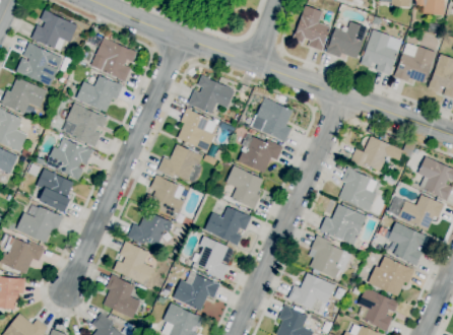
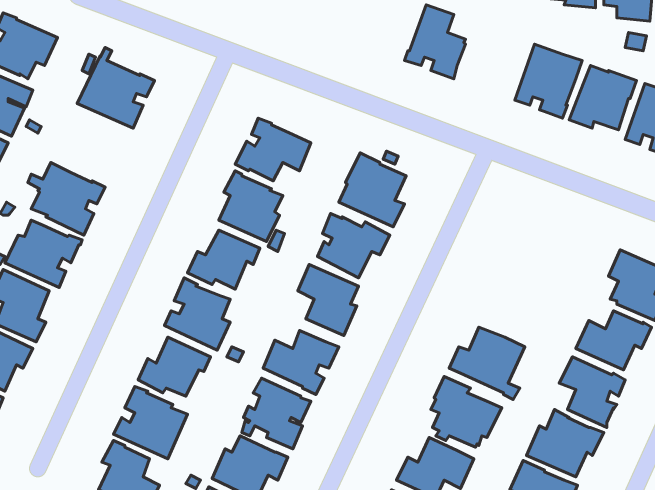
building: [326,21,369,58] -> none
building: [76,75,123,112] -> none
building: [350,135,416,172] -> none
building: [339,166,377,211] -> none

